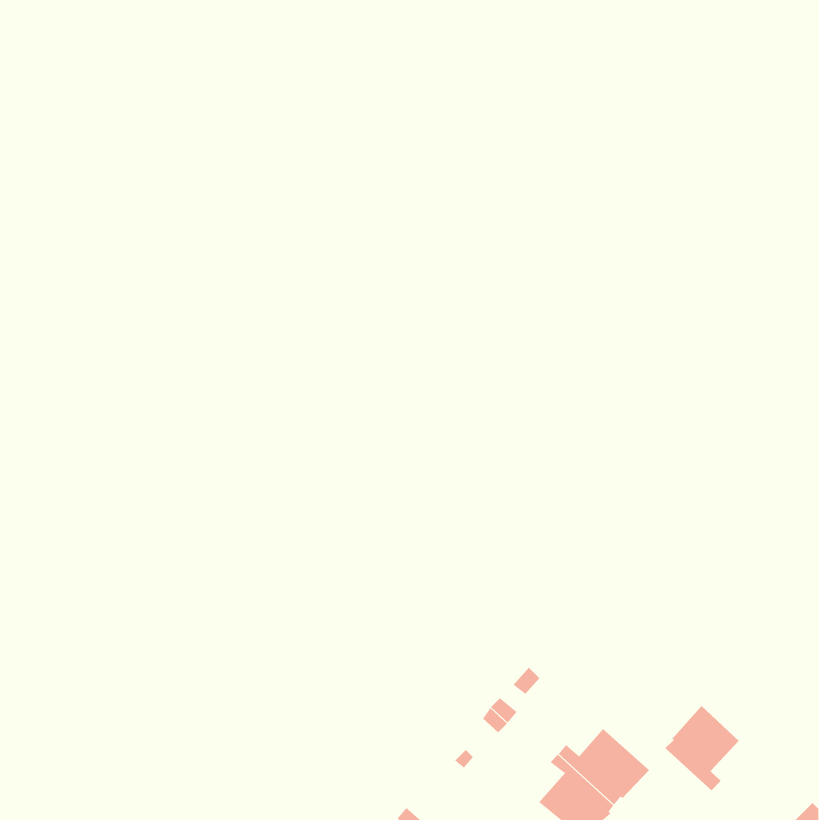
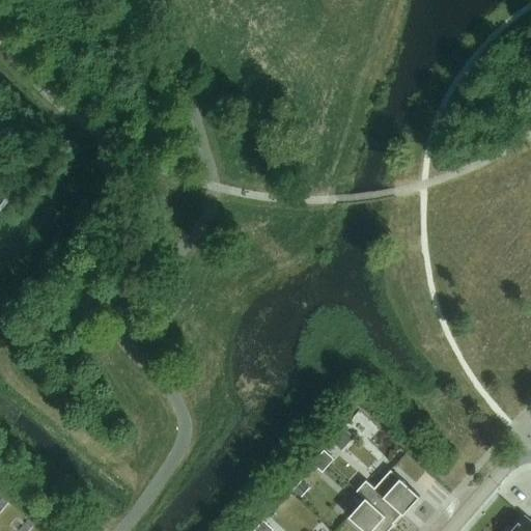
building: [665,705,740,791] -> none

